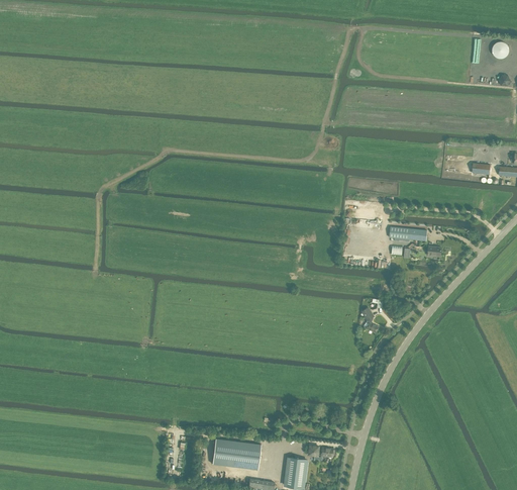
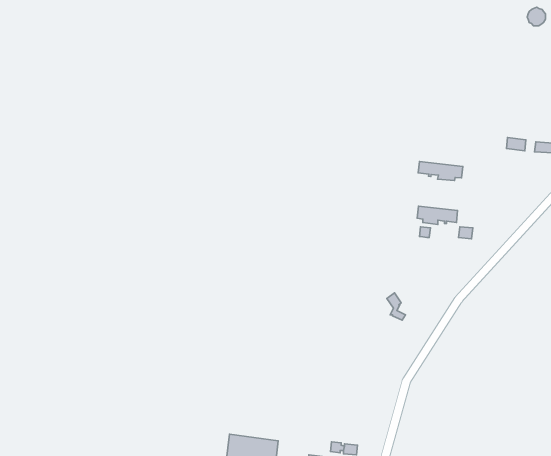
building: none -> [418,162,463,181]

